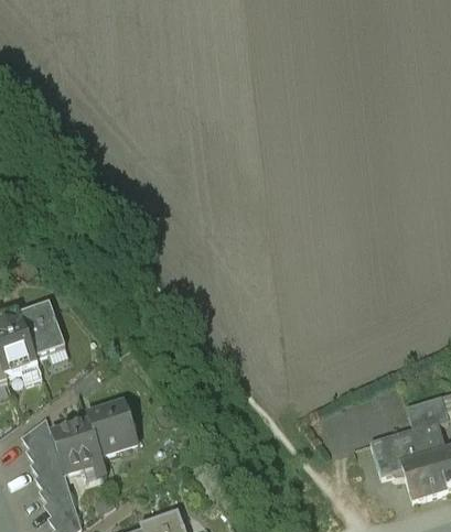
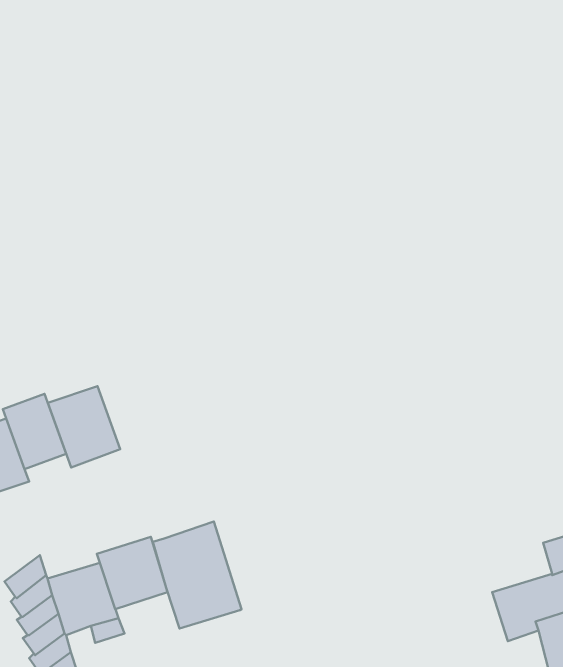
building: none -> [48,386,120,467]
building: none -> [153,521,241,629]

